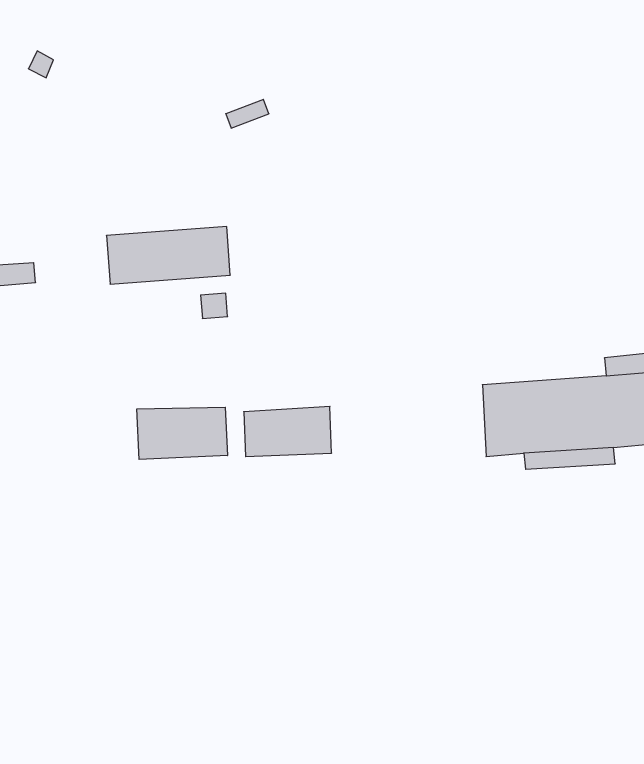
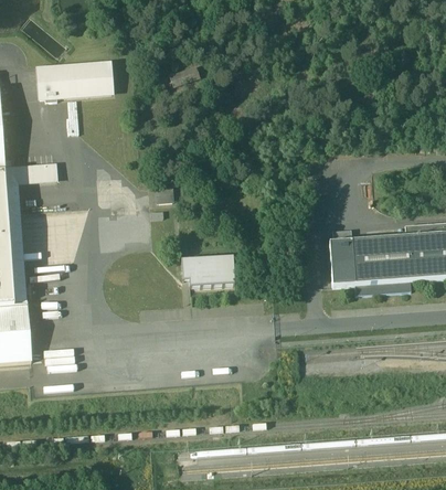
building: [106,227,230,284] -> [38,62,114,97]
building: [137,407,227,459] -> none

